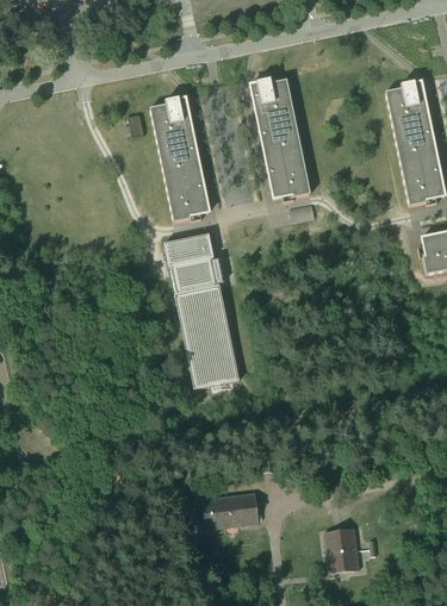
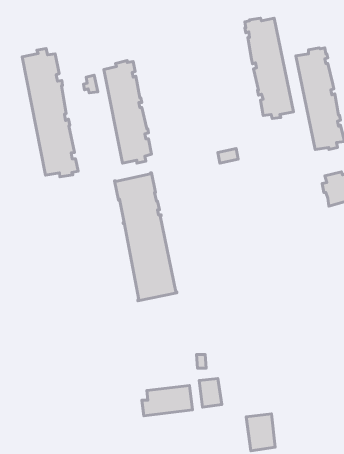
building: [250,77,310,200] -> [245,18,293,119]
building: none -> [22,49,78,177]
building: none -> [199,378,222,407]

